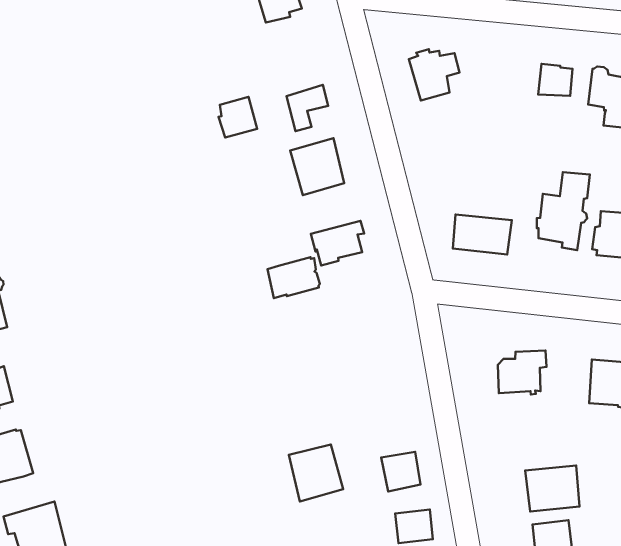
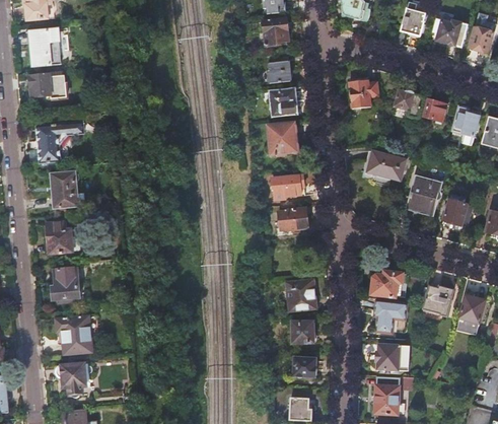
building: none -> [392,90,423,114]
building: [218,97,257,137] -> [267,61,289,83]
building: [453,215,512,254] -> [367,151,406,181]
building: [267,257,320,298] -> [278,207,308,228]
building: none -> [374,301,407,334]
building: [289,445,343,501] -> [286,280,315,311]

